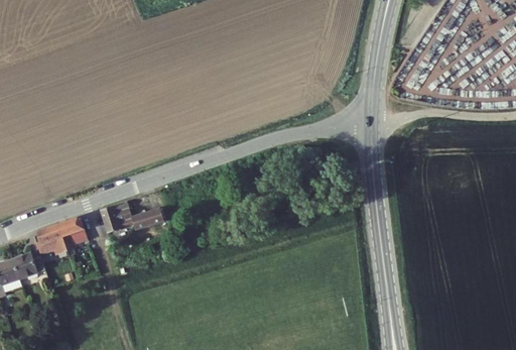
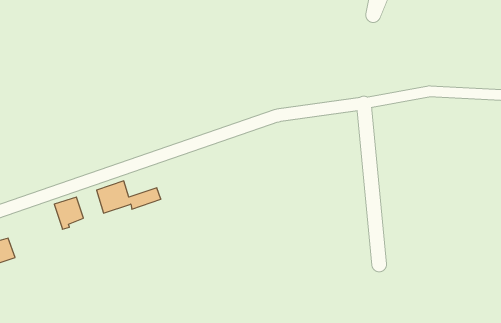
building: [34,225,63,252] -> none
building: [9,252,41,278] -> none

